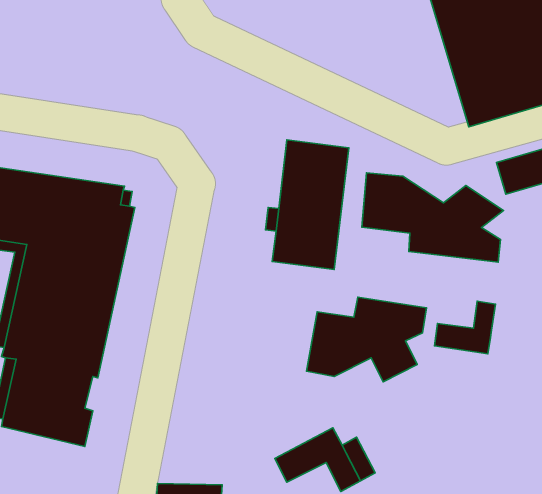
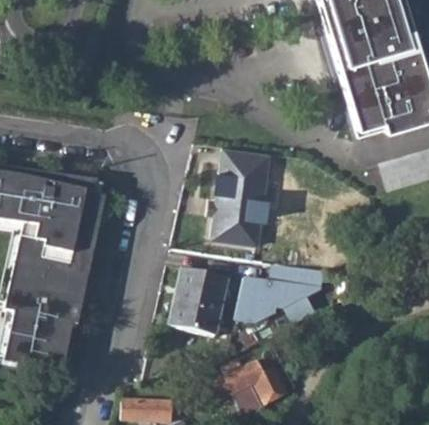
building: [362,173,504,262] -> none
building: [434,301,495,354] -> none
building: none -> [167,270,227,340]

